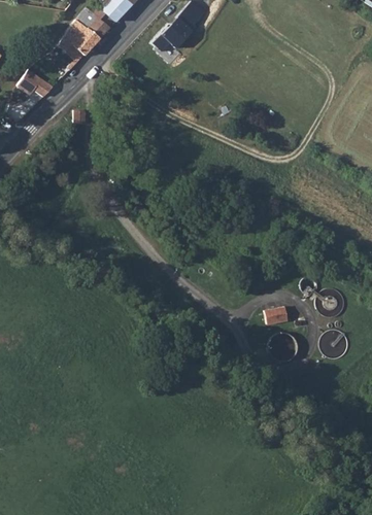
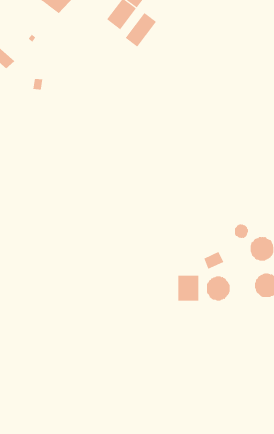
building: [58,26,101,61] -> none
building: none -> [125,12,157,47]
building: none -> [178,275,199,301]

